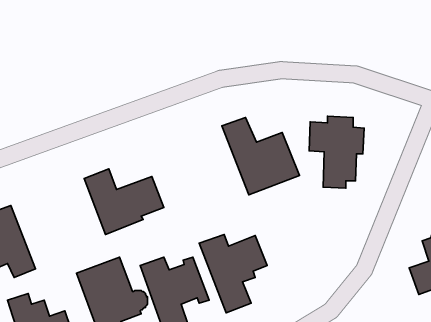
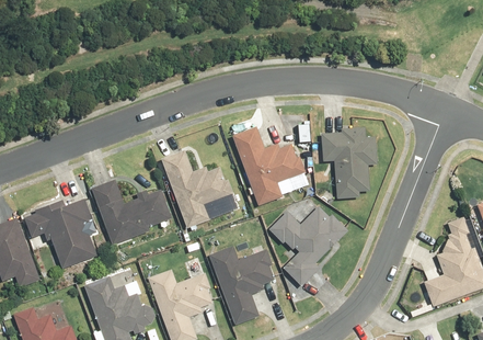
building: none -> [159,144,238,229]
building: none -> [23,197,96,270]
building: none -> [267,201,348,285]

